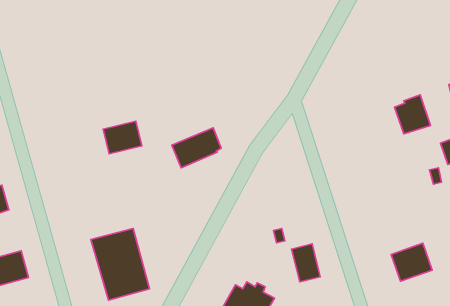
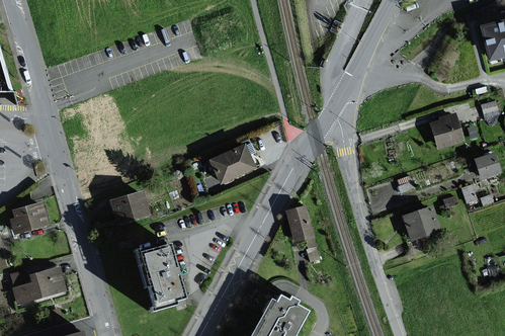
building: [103,121,142,154] -> [110,191,149,224]
building: [391,243,432,281] -> [401,205,441,243]
building: [292,244,320,282] -> [284,206,313,244]

